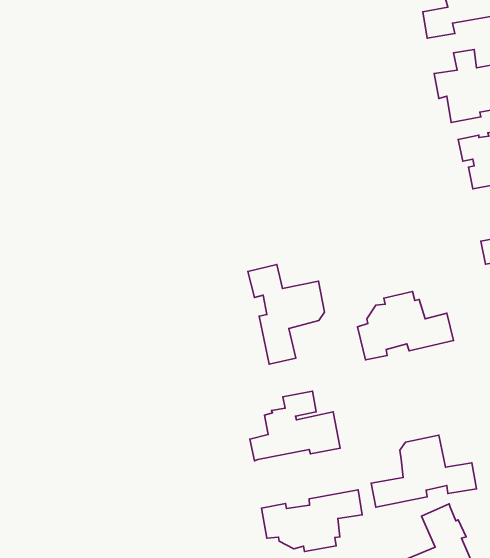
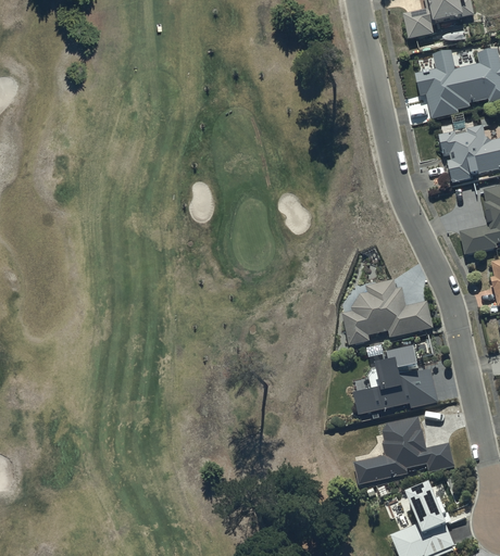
building: [248,264,325,364] -> none
building: [250,391,340,461] -> [354,348,440,414]
building: [262,490,362,551] -> none

